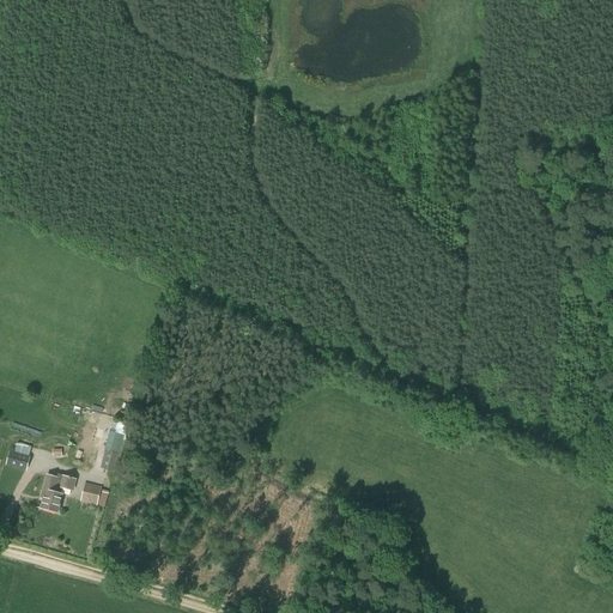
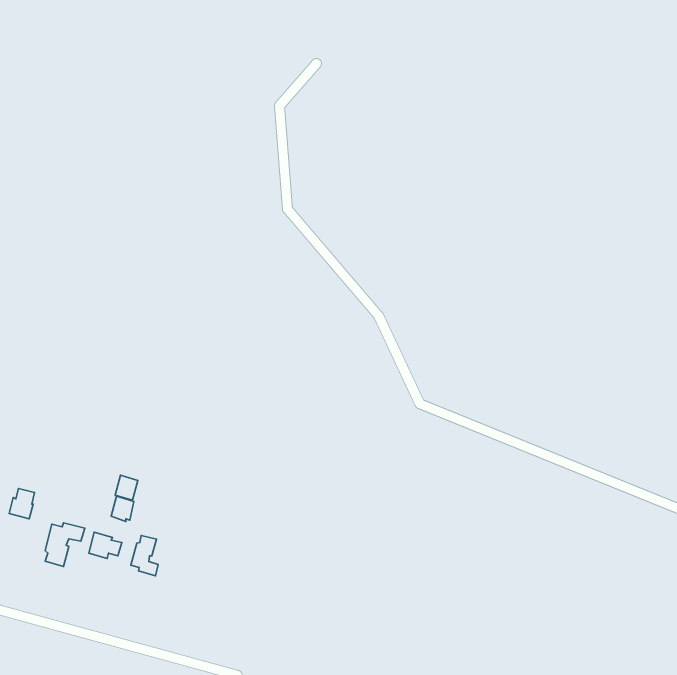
building: none -> [131,536,158,576]

